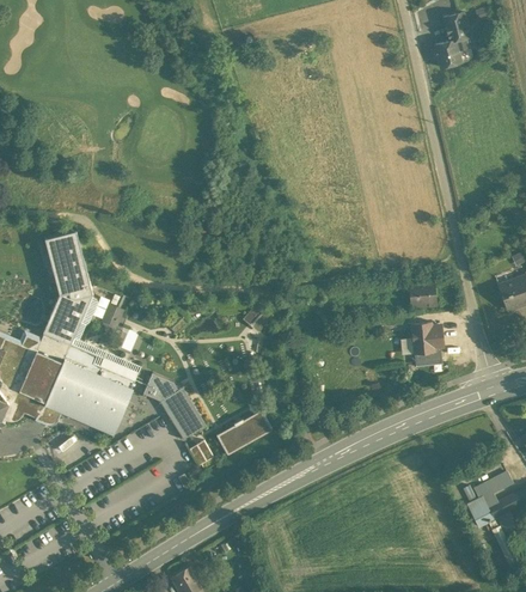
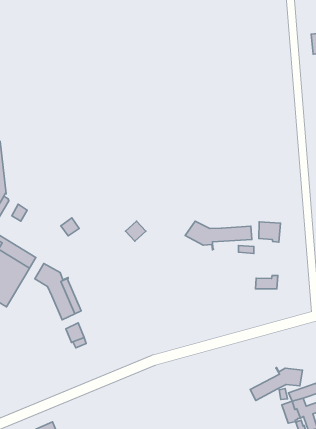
building: none -> [185,221,252,250]
building: [410,323,442,354] -> none
building: [215,410,271,454] -> none
building: none -> [250,368,302,400]

